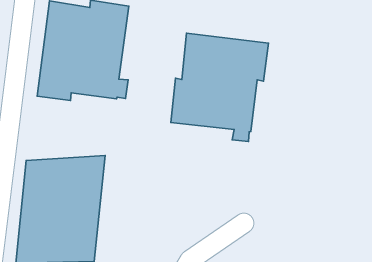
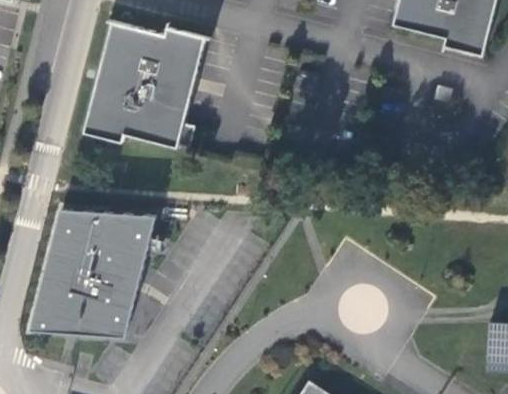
building: [171,33,268,142] -> none

